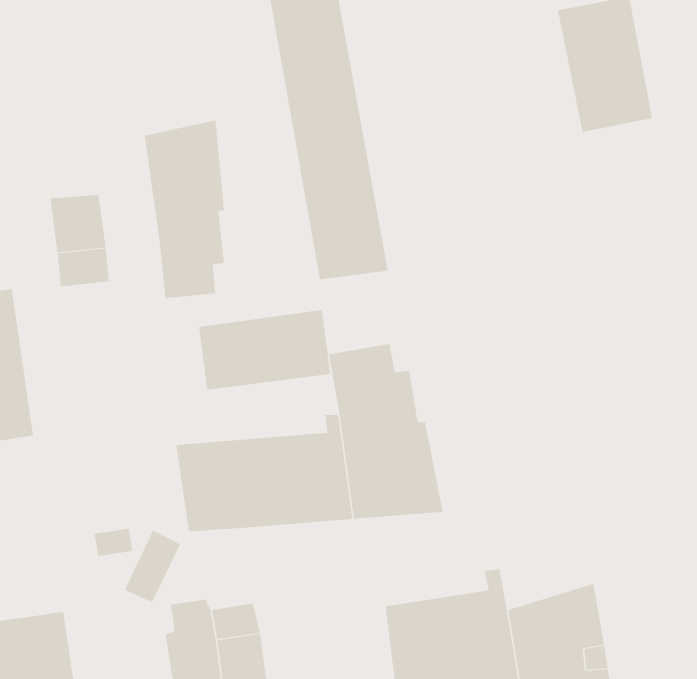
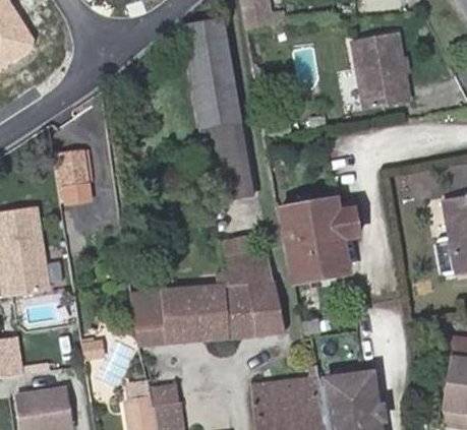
building: [144,120,225,299] -> none
building: none -> [279,197,359,282]
building: [199,309,331,391] -> none

